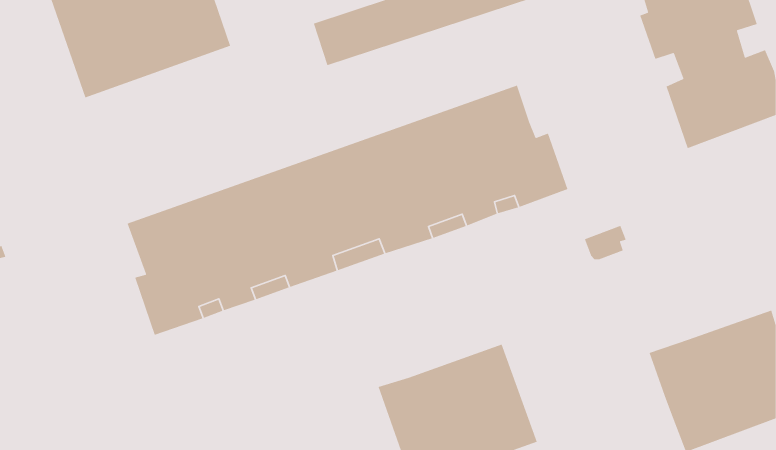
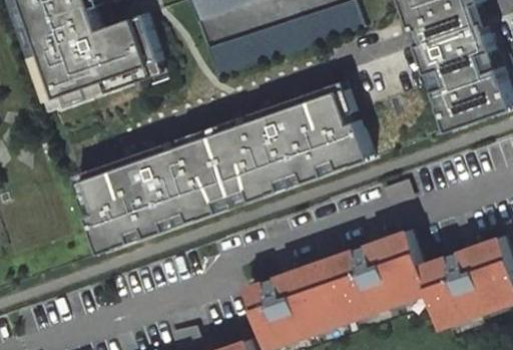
building: none -> [328,227,433,321]

